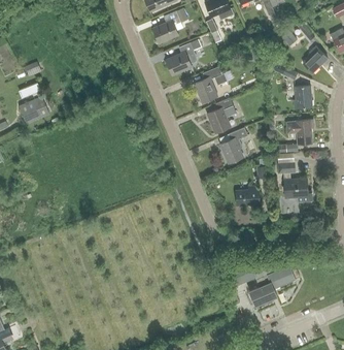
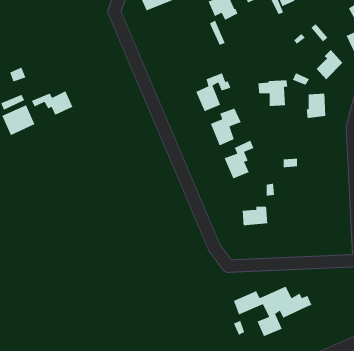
building: [151,7,187,42] -> none
building: [166,39,201,74] -> none
building: none -> [31,90,74,116]
building: [286,119,314,144] -> [257,79,288,107]
building: [278,162,312,202] -> none

